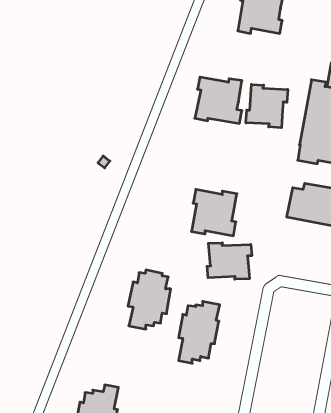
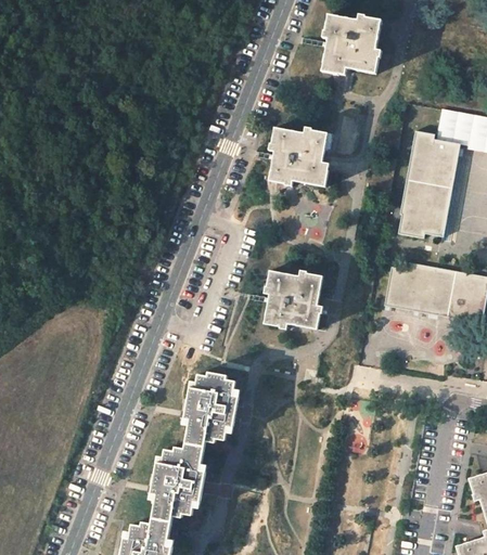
building: [246,84,288,128] -> none
building: [207,243,252,279] -> none
building: [179,301,220,363] -> [154,442,206,520]

